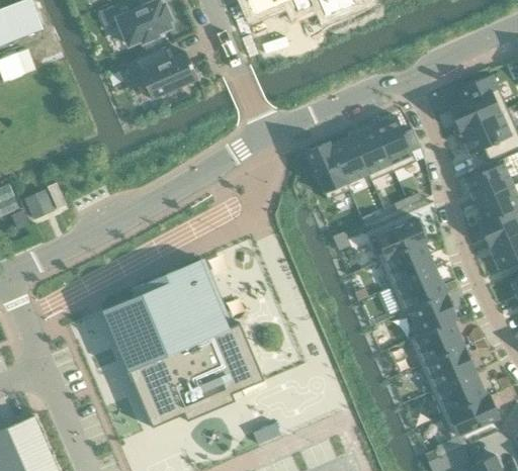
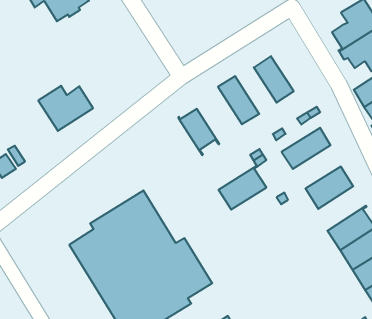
building: [135,48,197,100] -> [38,86,93,131]
building: [373,116,416,171] -> none
building: [328,135,371,191] -> [178,109,219,155]
building: [378,241,435,287] -> [218,166,266,210]
building: [401,293,457,341] -> none

